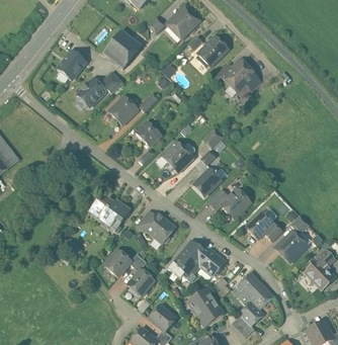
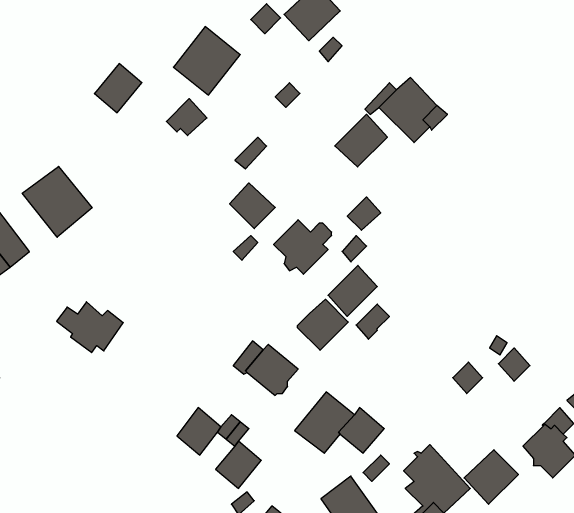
building: [196,35,227,66] -> [335,114,387,167]
building: [77,78,105,106] -> none
building: [109,95,138,123] -> none
building: none -> [22,166,92,237]
building: [221,188,250,218] -> [297,299,348,350]
building: [90,196,129,226] -> [57,302,123,353]
building: [246,211,273,239] -> none
building: [275,231,307,262] -> [464,450,518,504]

